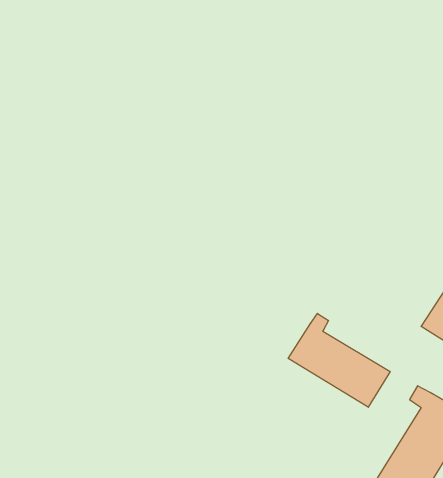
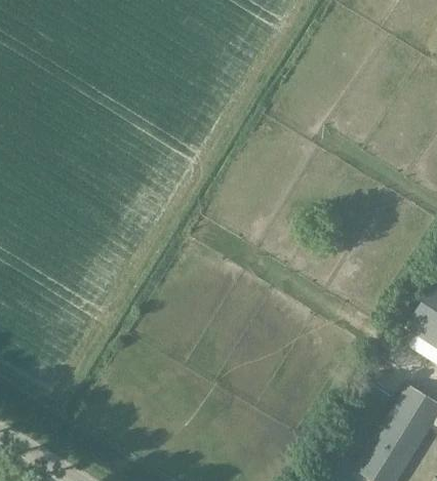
building: [288,313,390,407] -> none

